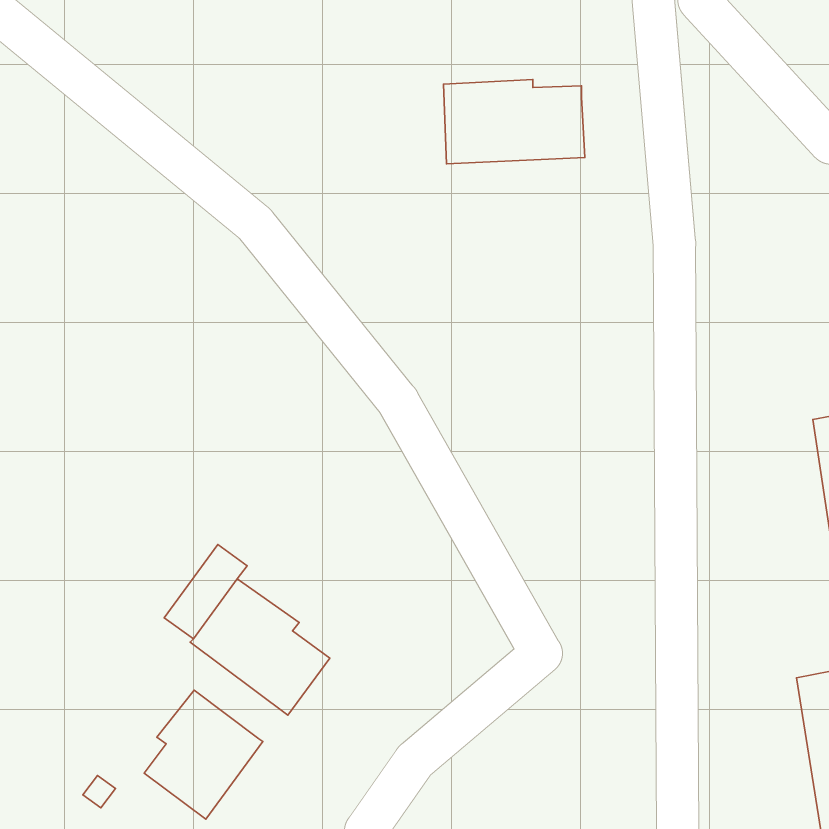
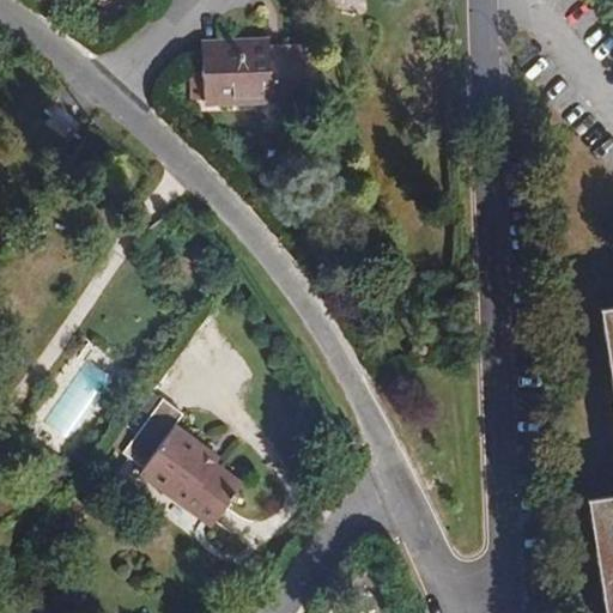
building: [443,79,585,164] -> [205,41,309,103]
building: [144,690,263,819] -> none

